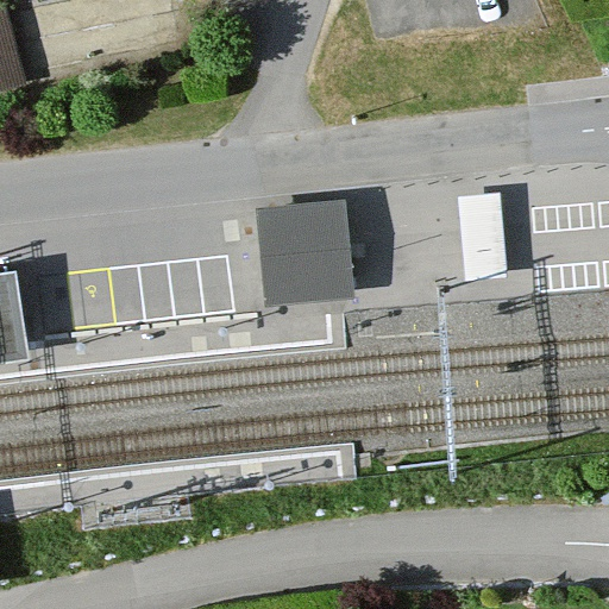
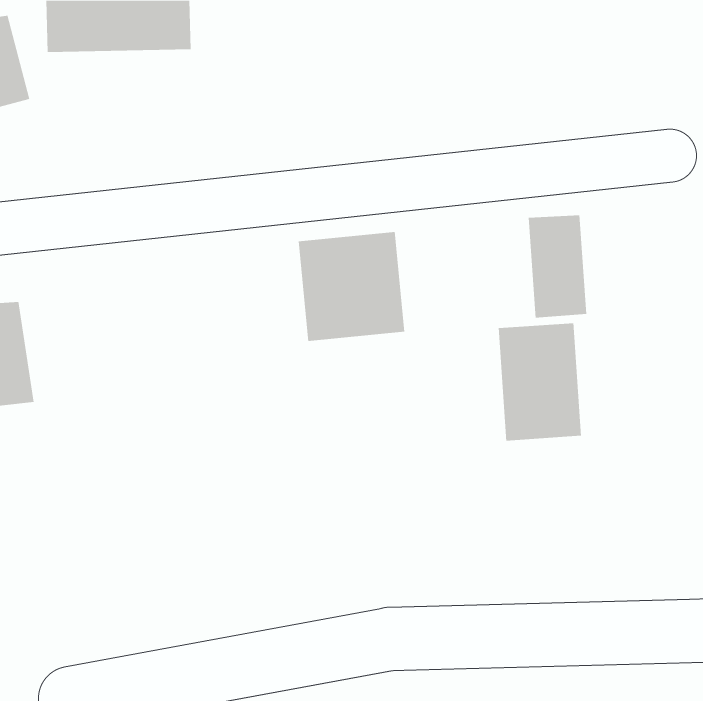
building: none -> [498,322,582,441]

